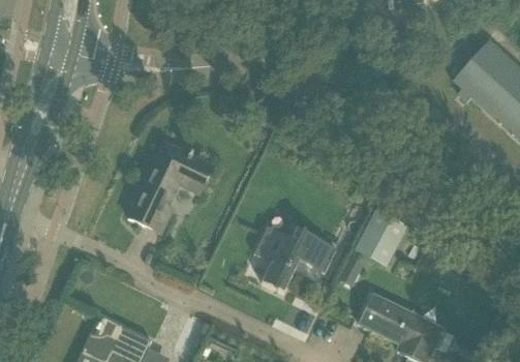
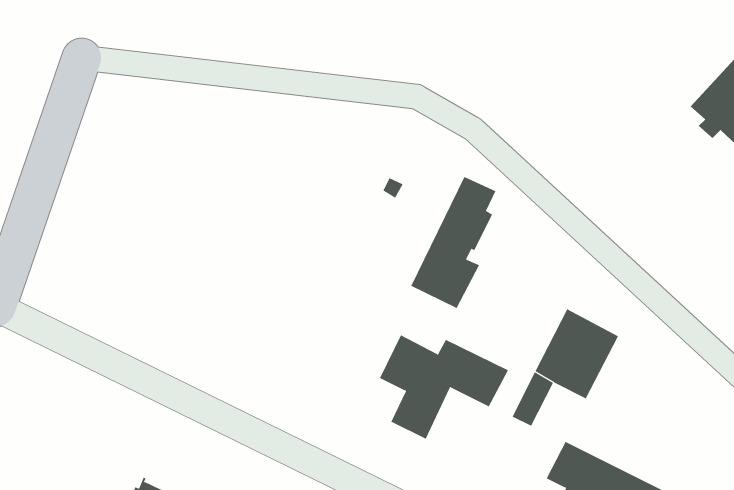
building: none -> [411,176,496,309]
building: [128,150,213,232] -> none

